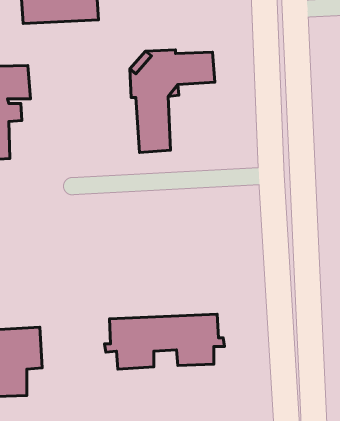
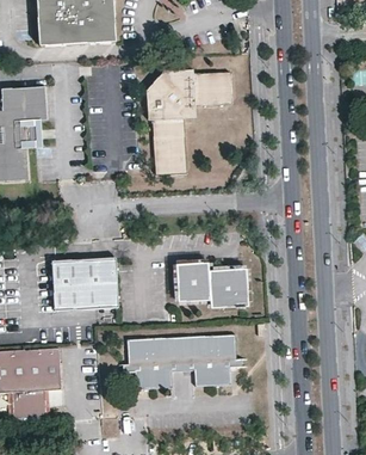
building: none -> [52,257,118,308]
building: none -> [178,260,248,307]

